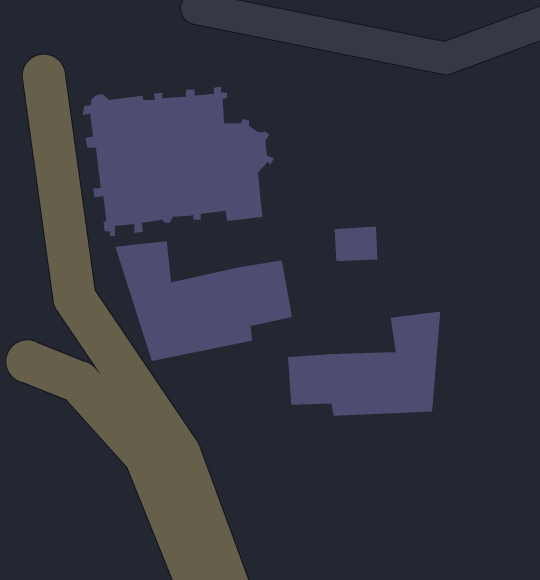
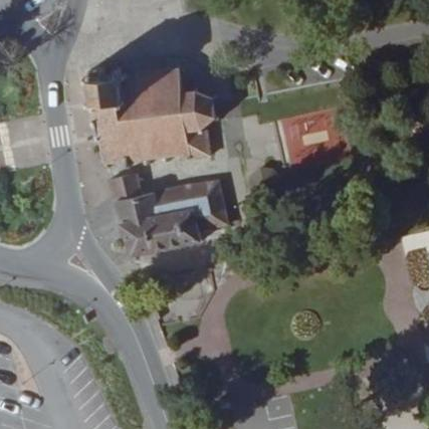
building: none -> [289,106,352,156]
building: [287,311,441,417] -> none

